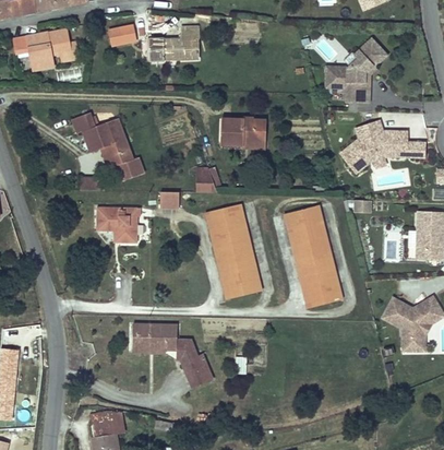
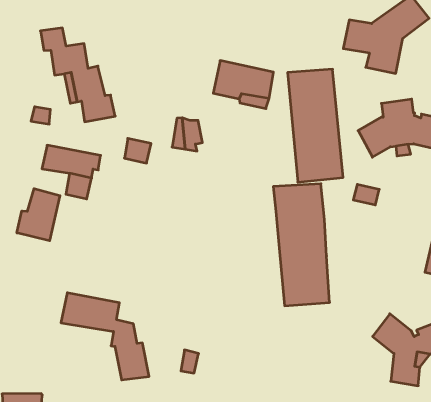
building: [205,203,264,299] -> [288,69,343,182]
building: none -> [17,189,60,241]

